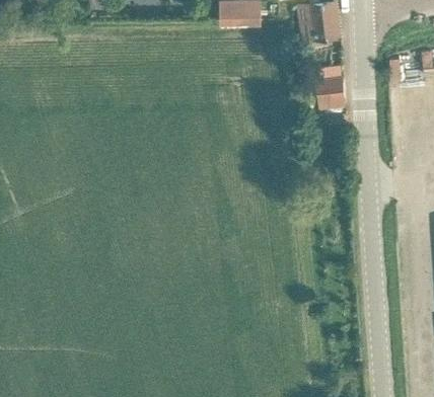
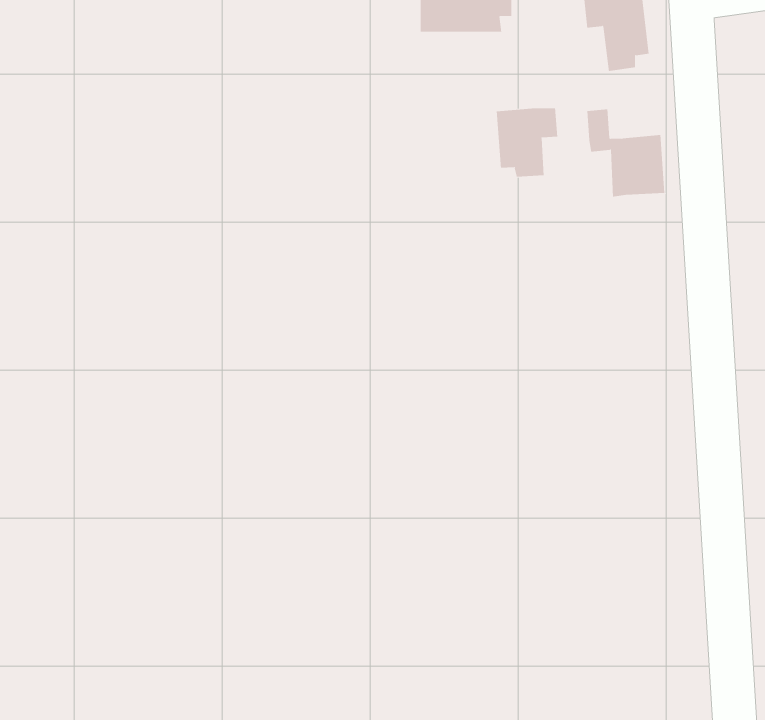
building: none -> [496,107,558,177]

